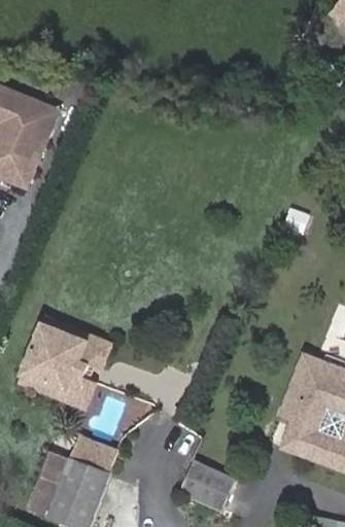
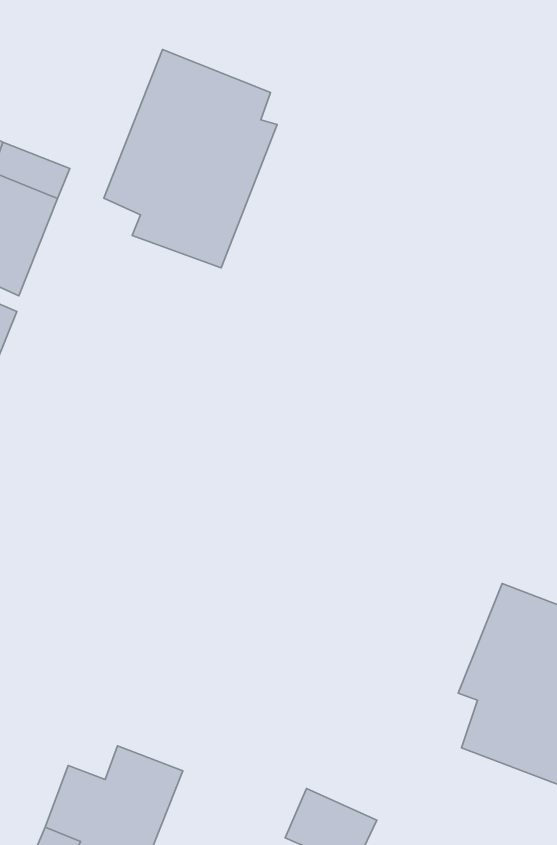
building: none -> [104,49,277,268]
building: [14,319,109,411] -> none

